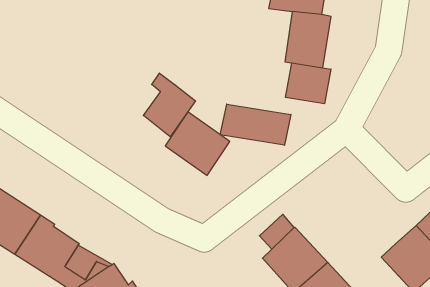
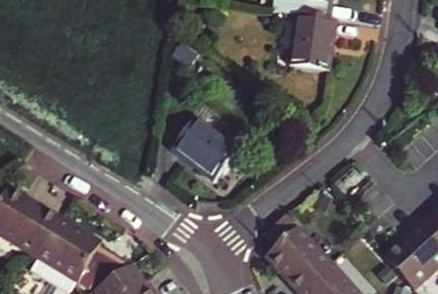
building: [286,63,331,104] -> none
building: [143,73,196,137] -> none
building: [220,104,291,145] -> none

